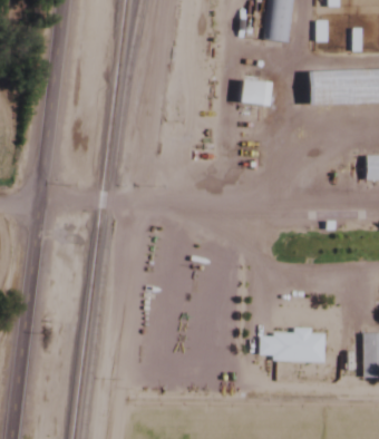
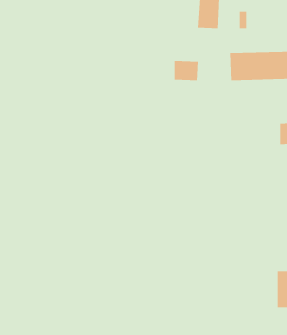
building: [260,329,327,363] -> none

